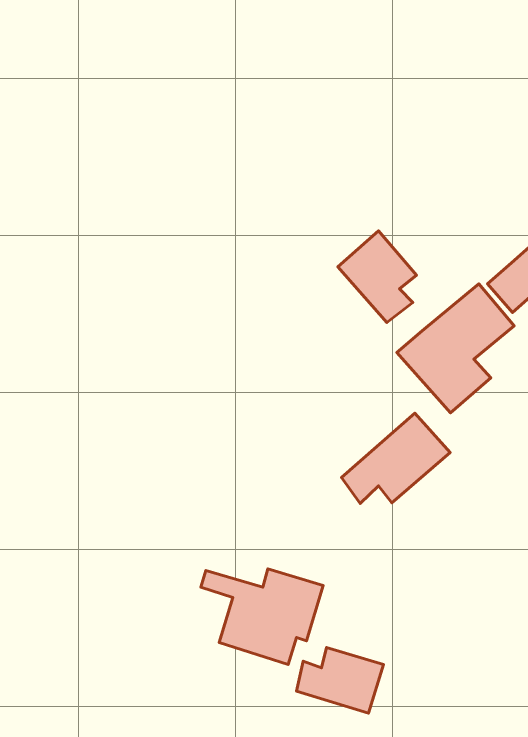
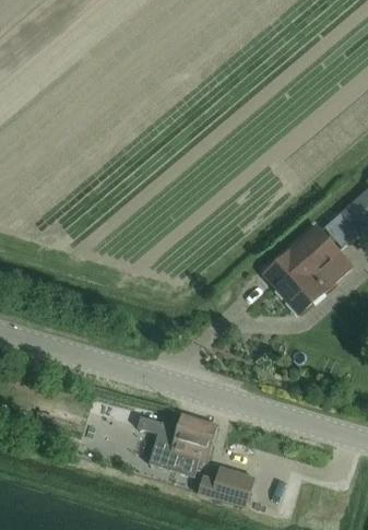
building: [338,231,417,323] -> none
building: [341,413,450,503] -> none

